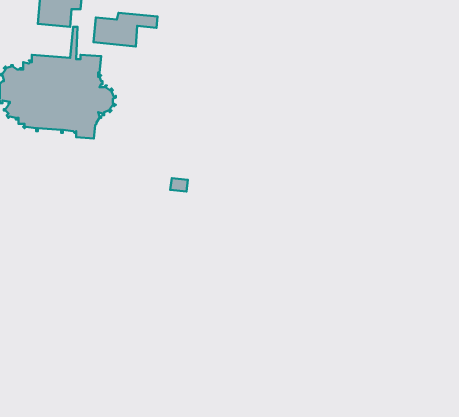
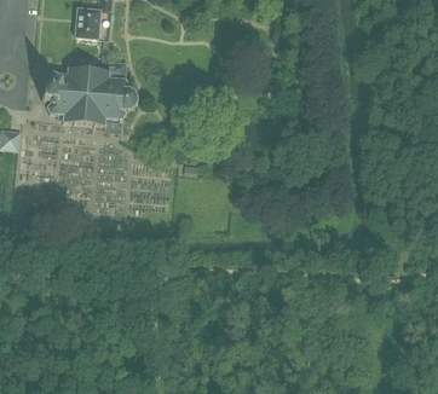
building: [93,13,157,46] -> none

